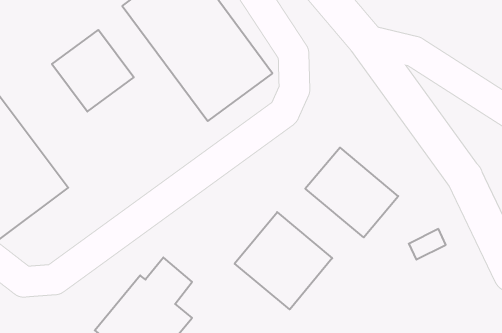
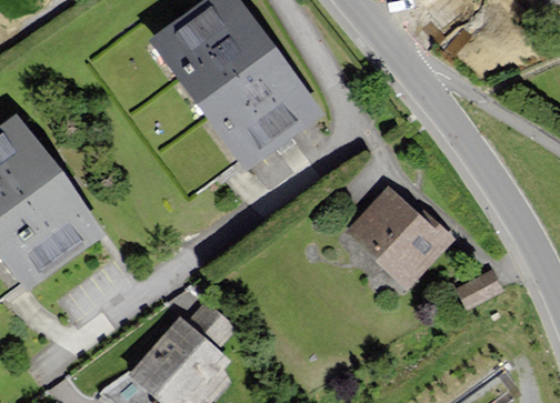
building: [52,30,134,112] -> none
building: [235,212,332,309] -> none

